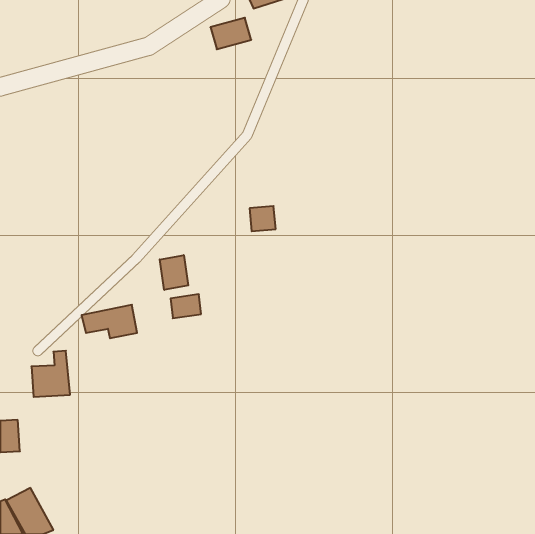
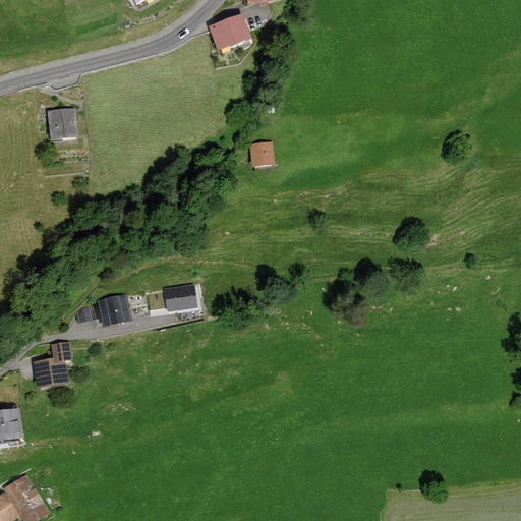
building: none -> [46,109,77,141]
building: [250,206,276,231] -> [249,141,275,166]
building: [160,255,188,290] -> none

